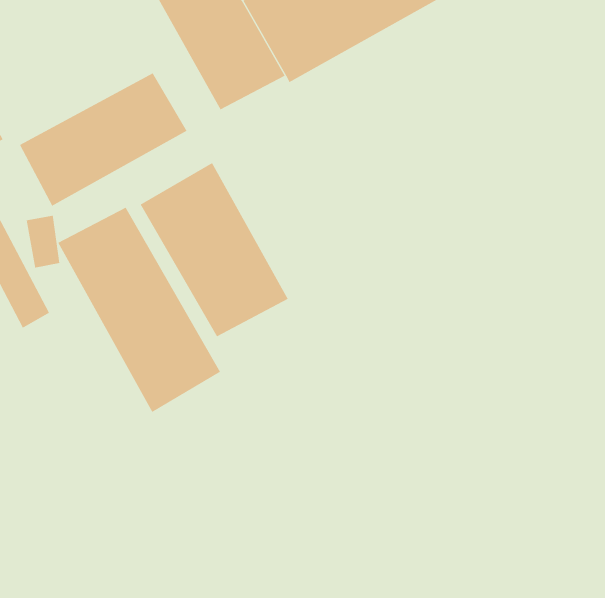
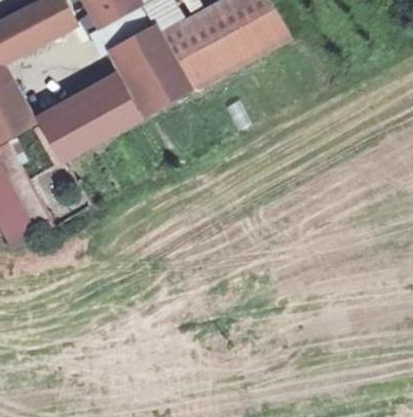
building: [140,162,289,337] -> none
building: [57,207,221,413] -> none

